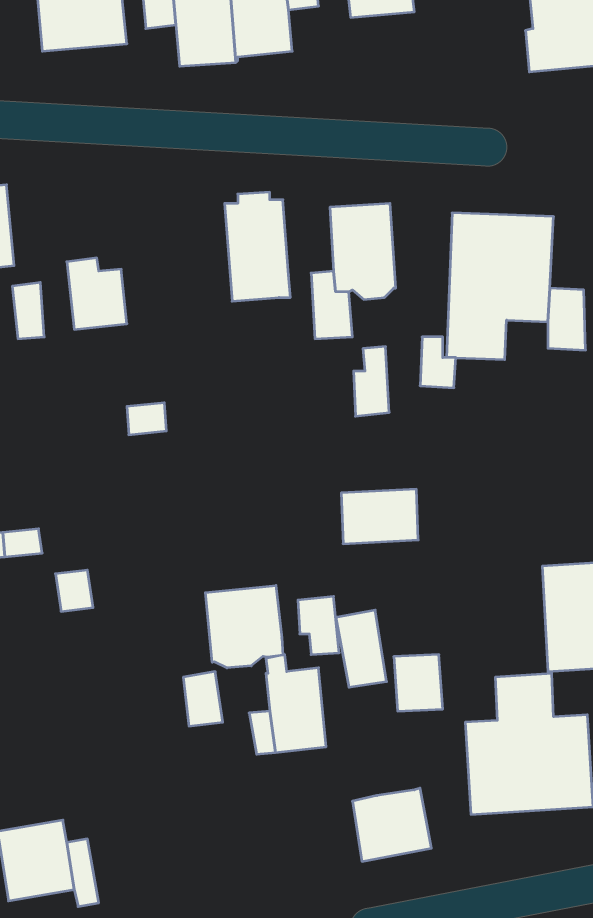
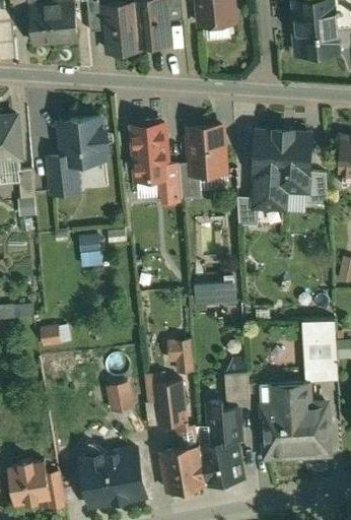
building: none -> [59,118,108,164]
building: [354,347,389,416] -> [161,165,181,202]
building: [205,585,283,668] -> none
building: [336,610,387,687] -> [207,405,234,447]
building: none -> [81,442,145,504]
building: none -> [160,443,206,490]

